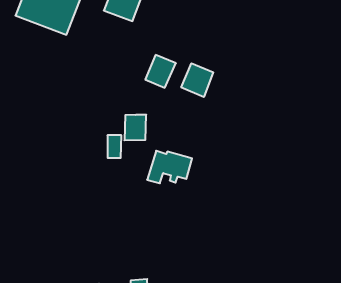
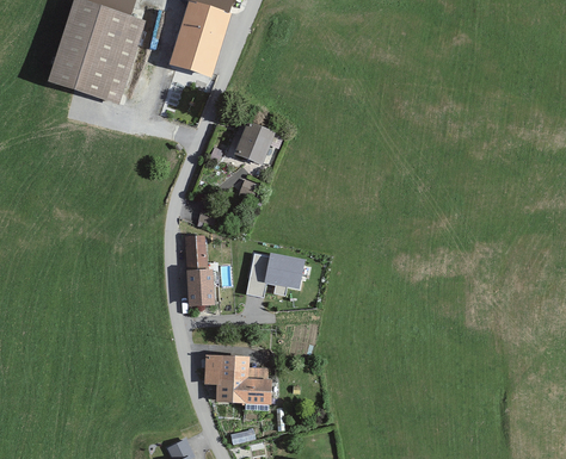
building: [181,63,213,97] -> none
building: [124,115,146,140] -> [184,271,214,308]
building: none -> [204,355,267,403]

